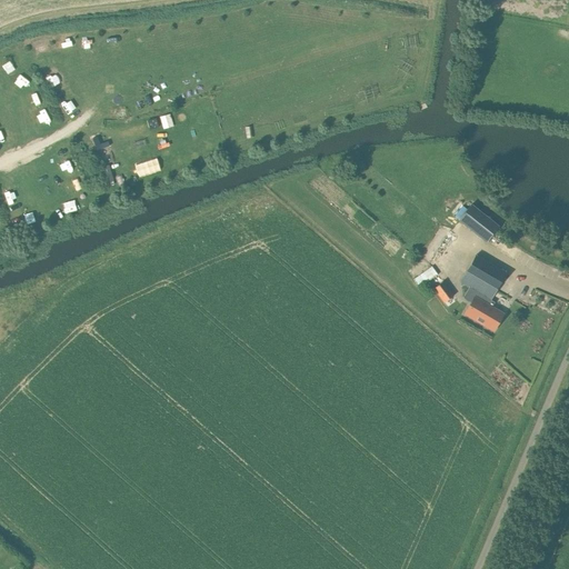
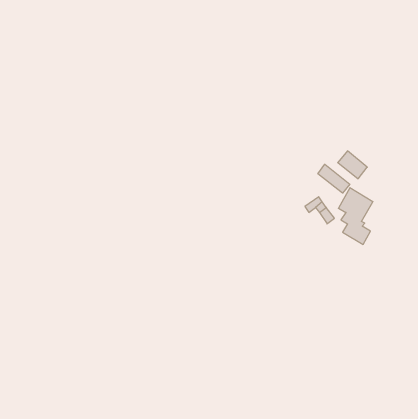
building: none -> [318,164,350,193]

